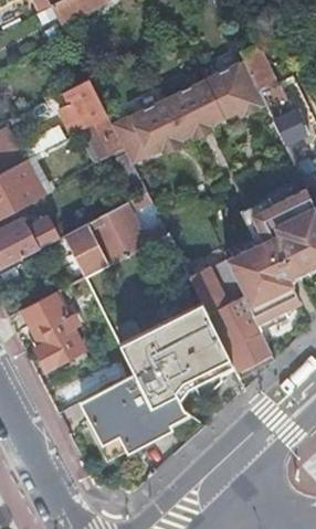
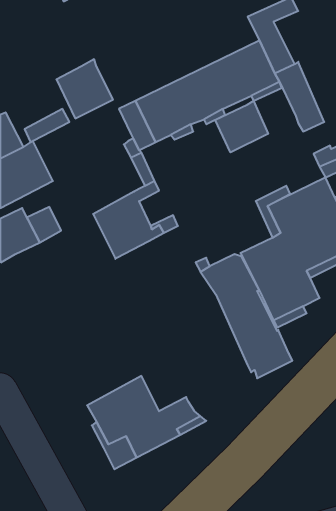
building: [77,116,123,162] -> none
building: none -> [215,101,268,152]
building: [63,223,108,277] -> none
building: [22,290,91,379] -> none
building: [115,298,235,408] -> none

